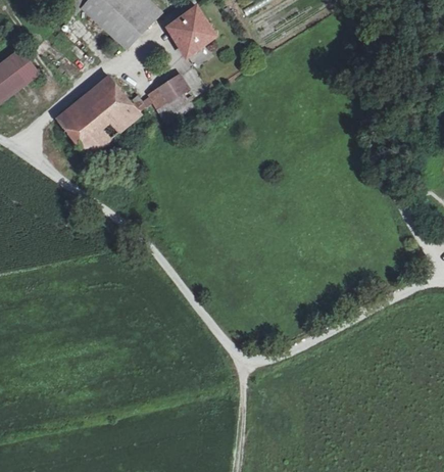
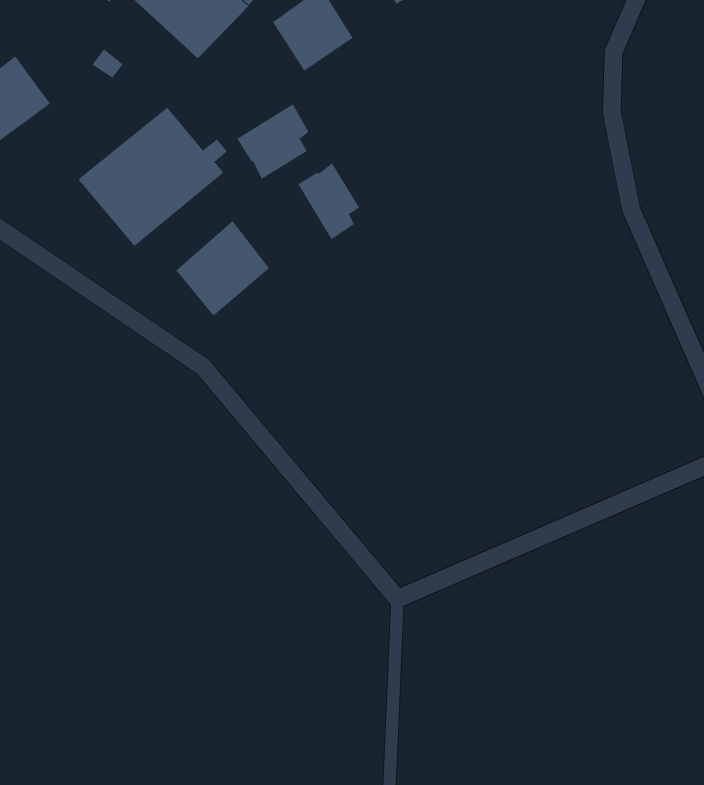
building: none -> [298,162,360,240]
building: none -> [175,220,270,317]

